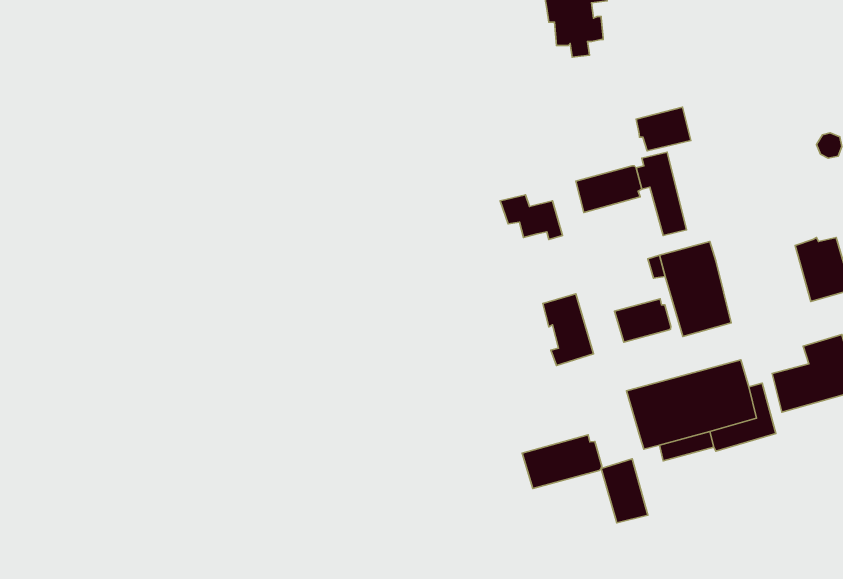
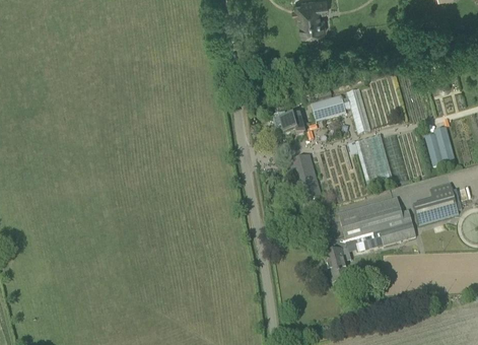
building: [636,107,691,151] -> none
building: [615,299,671,342] -> none
building: [522,435,602,489] -> none

